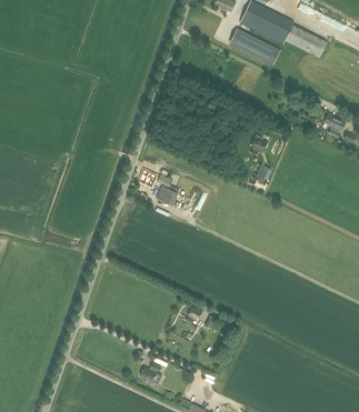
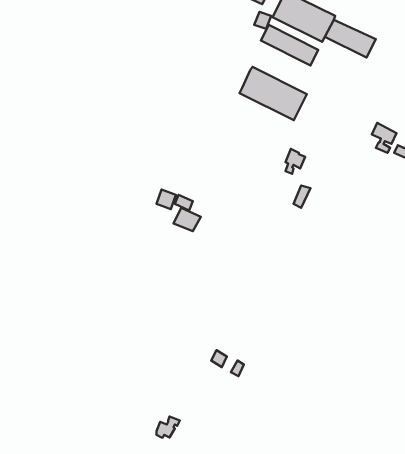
building: none -> [240,67,307,120]

